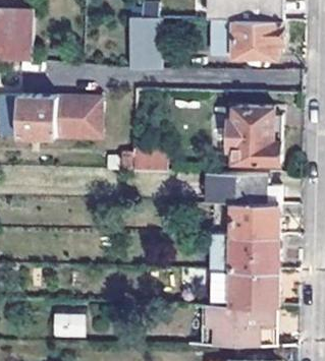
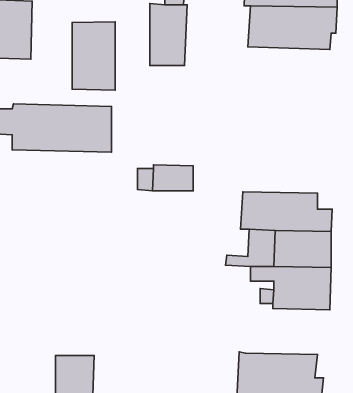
building: none -> [72,22,115,90]
building: [229,106,281,164] -> none
building: [209,267,278,306] -> none

